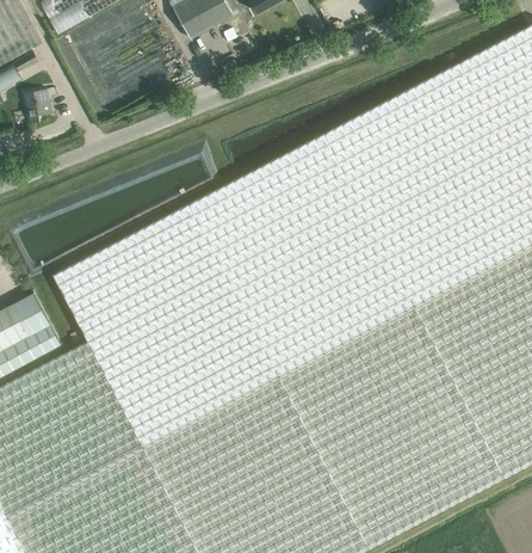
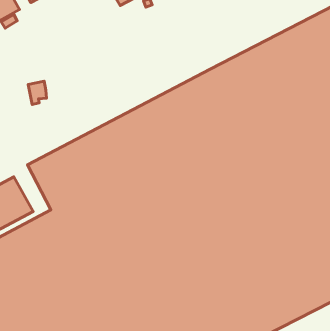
building: [24,88,51,123] -> [28,81,46,105]

